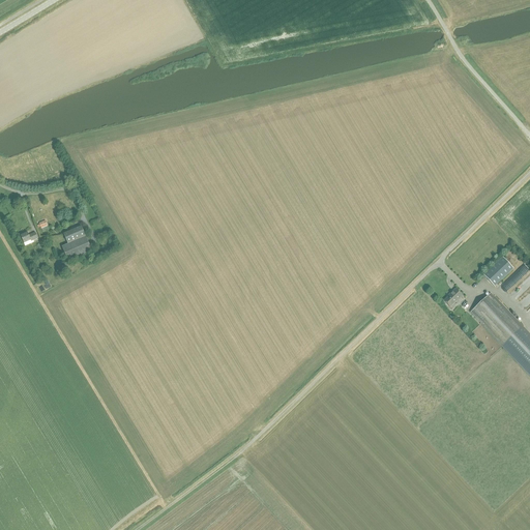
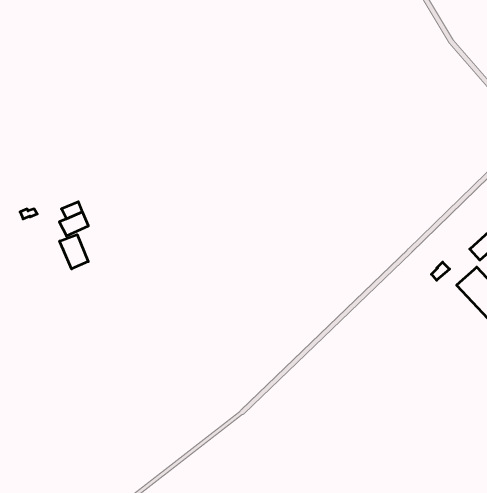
building: none -> [60,235,88,269]

